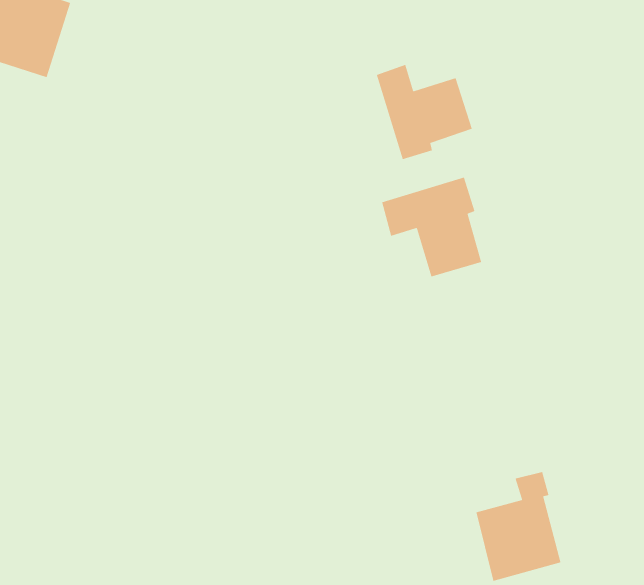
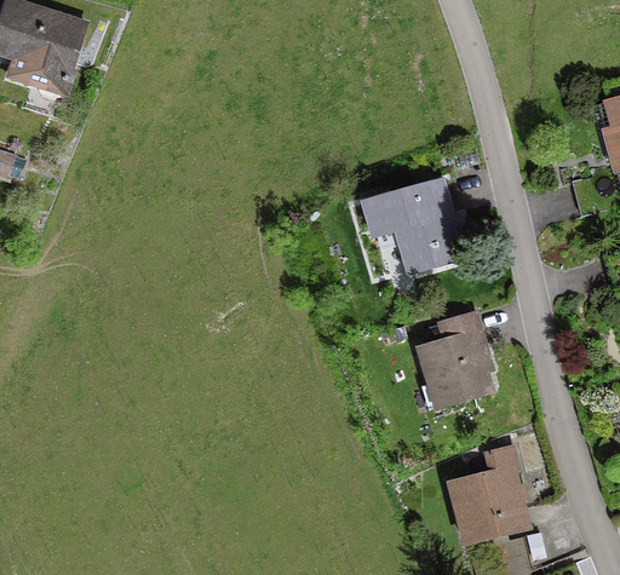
building: [376,64,473,160] -> none
building: none -> [417,311,490,408]

